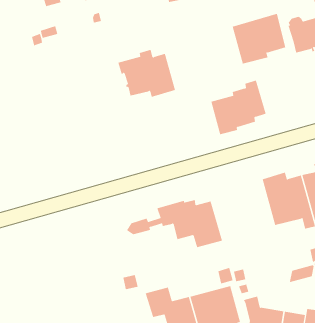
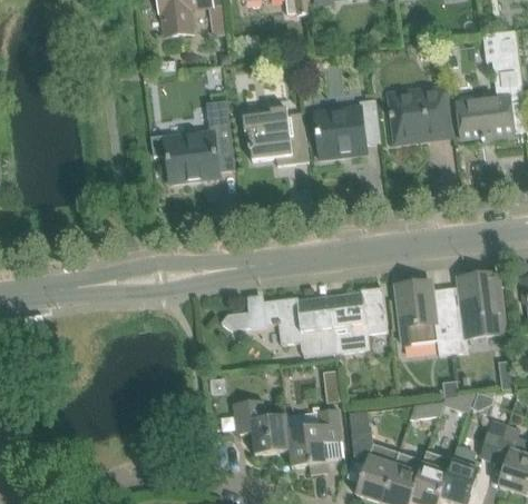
building: none -> [149,99,235,182]
building: [211,80,267,135] -> [314,98,380,158]
building: none -> [330,286,387,353]

